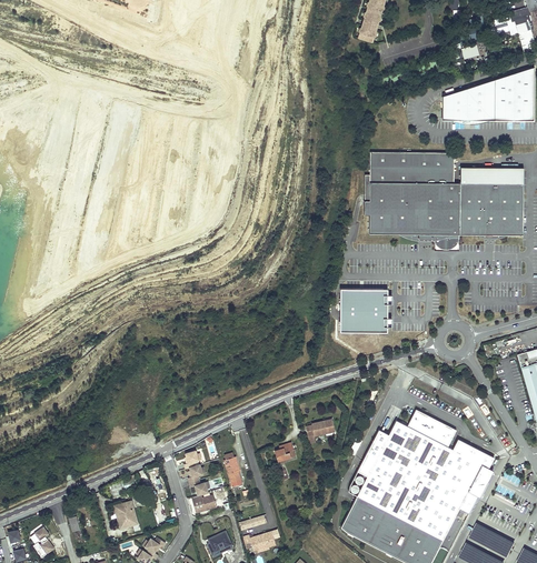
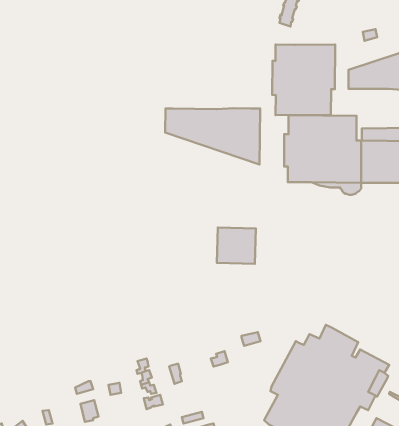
building: none -> [272,45,335,115]
building: none -> [165,108,260,165]
building: [340,290,388,334] -> [217,228,256,264]

